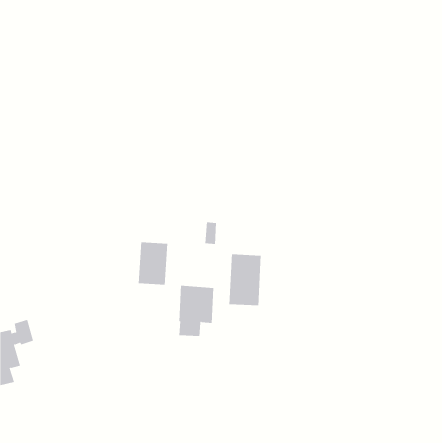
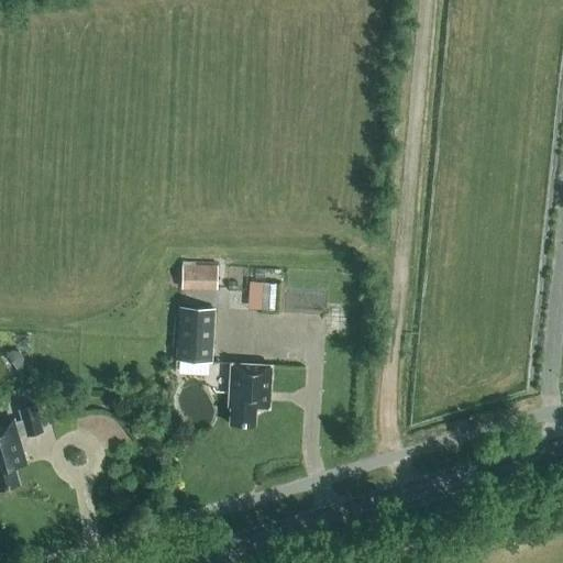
building: none -> [180,265,217,290]
building: [229,254,261,306] -> none

